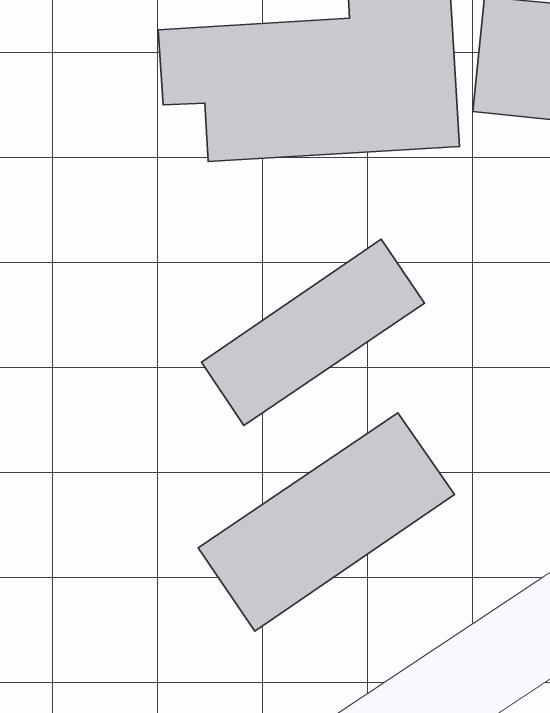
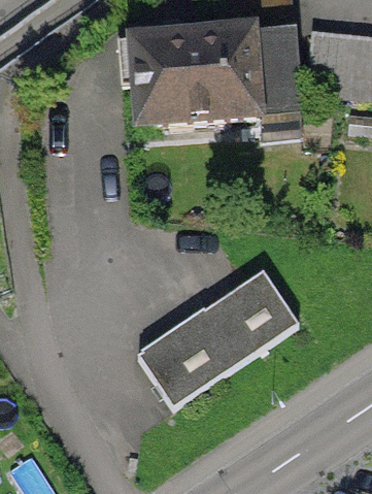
building: [202,239,424,426] -> none

